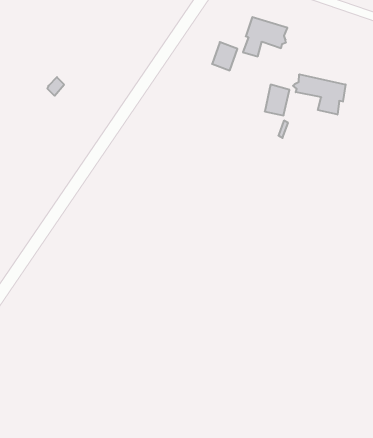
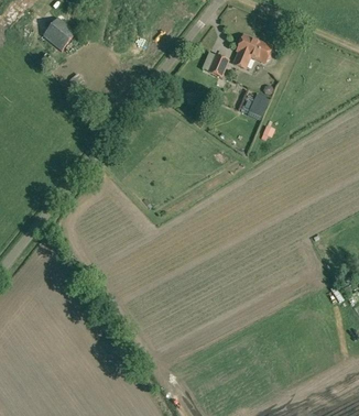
building: none -> [43,18,76,50]
building: [293,74,346,115] -> none

